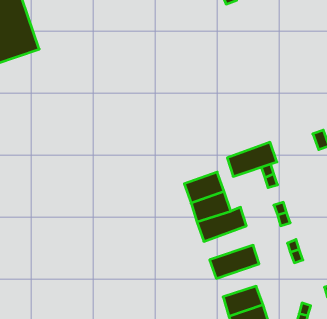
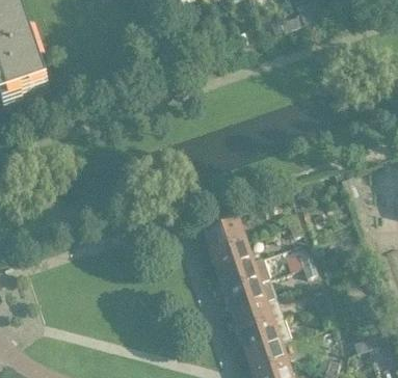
building: [227,142,277,176] -> [224,273,277,309]
building: none -> [238,314,291,349]

